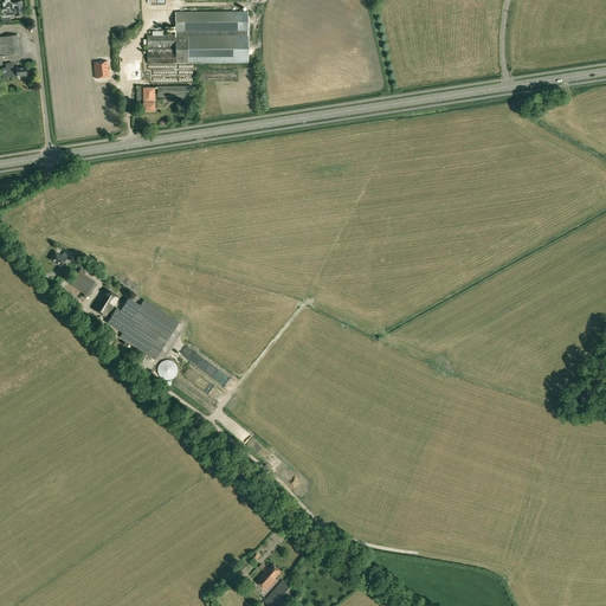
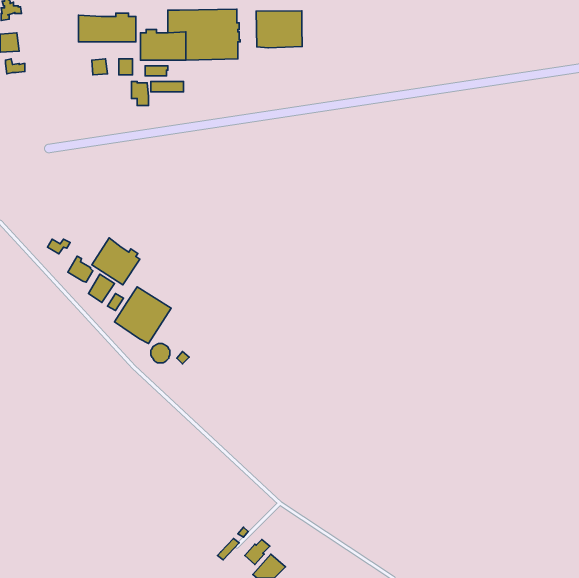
building: none -> [256,11,302,48]
building: none -> [79,13,136,42]
building: none -> [92,238,140,285]

